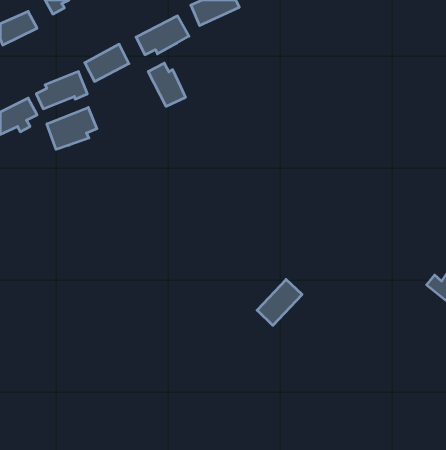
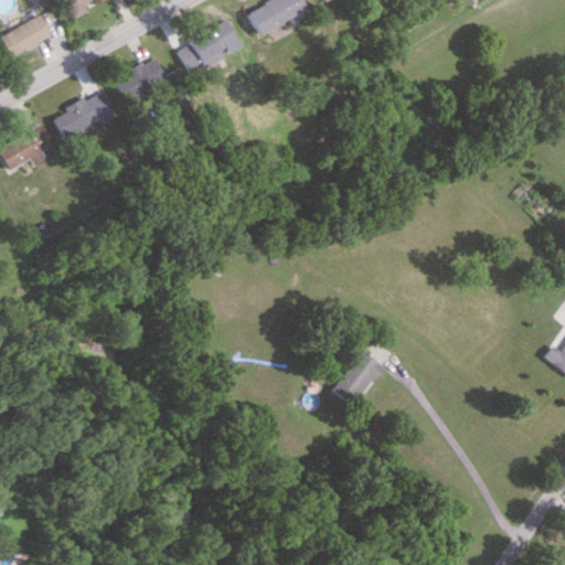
building: [148,63,185,106] -> none
building: [47,107,97,149] -> none

